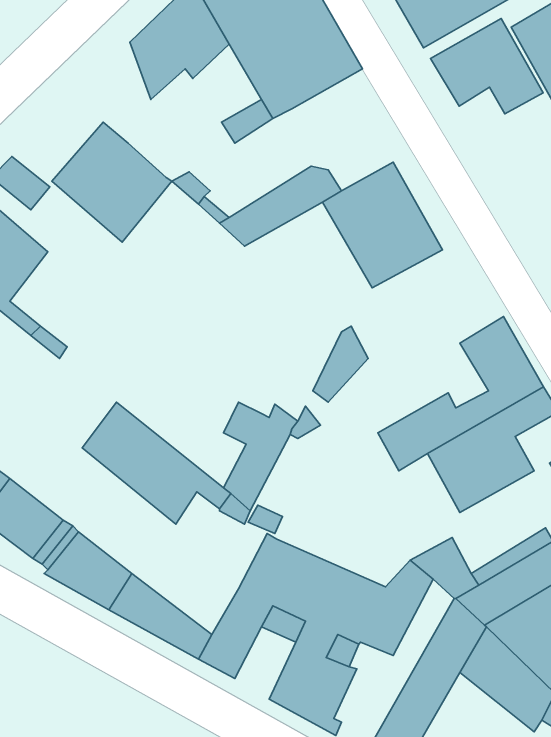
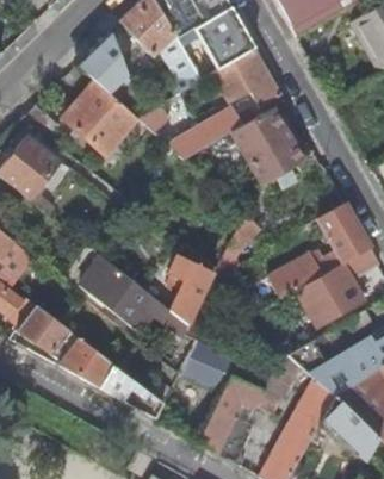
building: [431,19,543,114] -> [212,48,283,107]
building: none -> [76,31,129,94]

